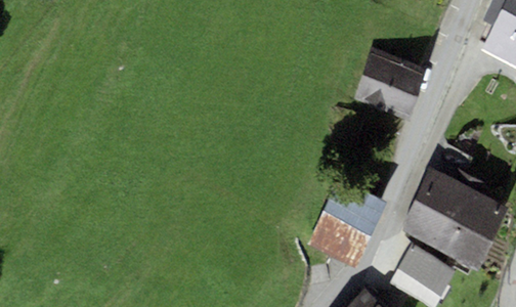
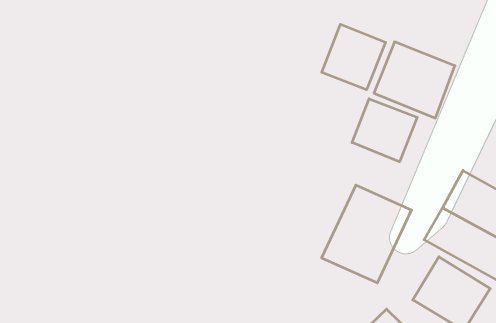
building: none -> [322,24,386,90]
building: none -> [352,99,417,162]

